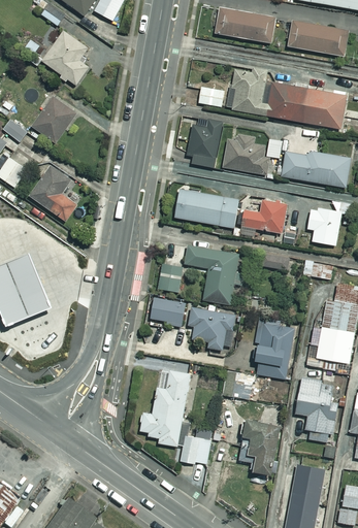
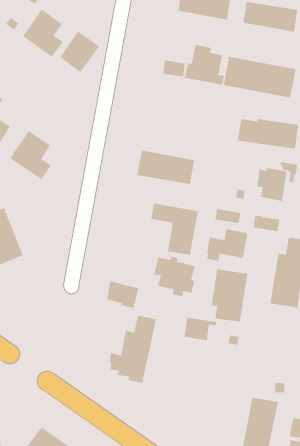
building: [32,96,77,143] -> [59,30,100,73]
building: [186,122,222,168] -> none
building: [221,134,281,174] -> none
building: [235,198,282,235] -> [206,228,248,262]
building: [157,264,181,292] -> none
building: [150,296,187,328] -> [106,280,139,309]
building: [295,378,341,441] -> none
building: [238,420,283,475] -> none
building: [180,434,210,464] -> none

